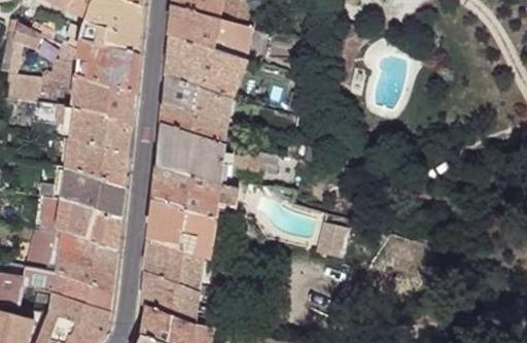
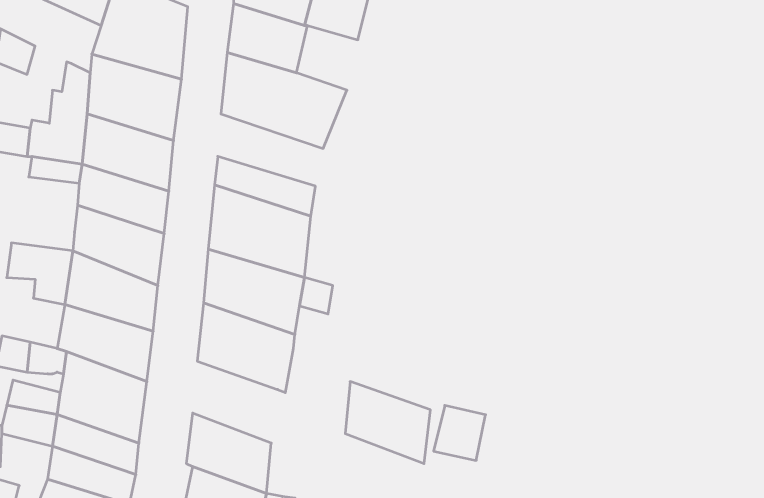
building: [213,19,253,61] -> none
building: [162,76,231,124] -> none
building: [316,221,350,258] -> [434,405,486,460]
building: [145,238,201,291] -> [345,382,430,464]

